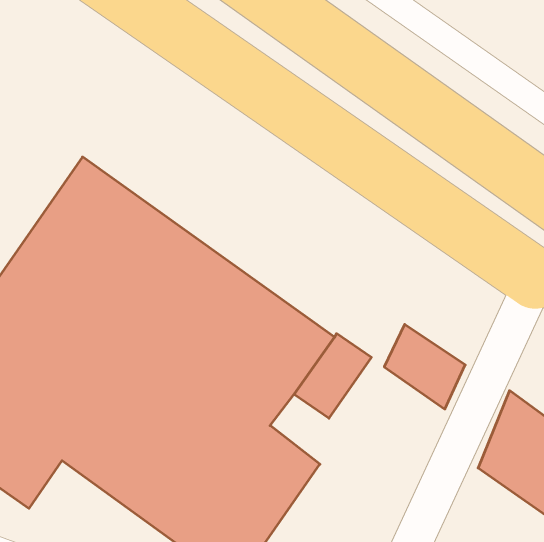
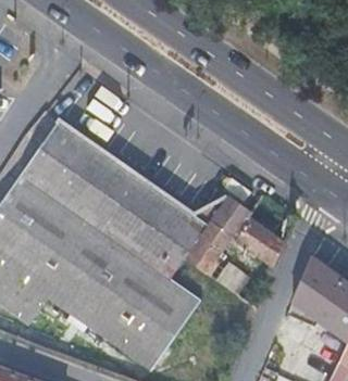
building: none -> [210,198,251,241]

